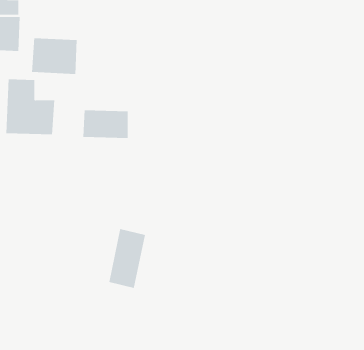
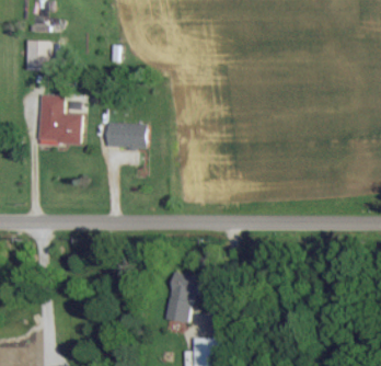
building: [32,37,77,75] -> none
building: [108,229,146,288] -> [165,272,198,324]

